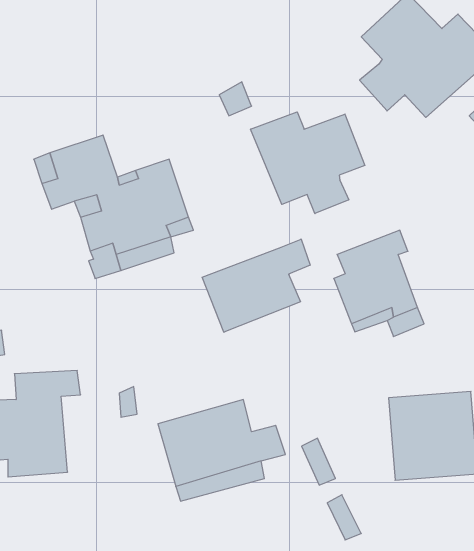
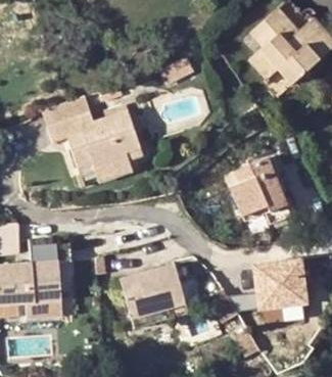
building: [251,112,365,214] -> none
building: [202,239,310,332] -> none

